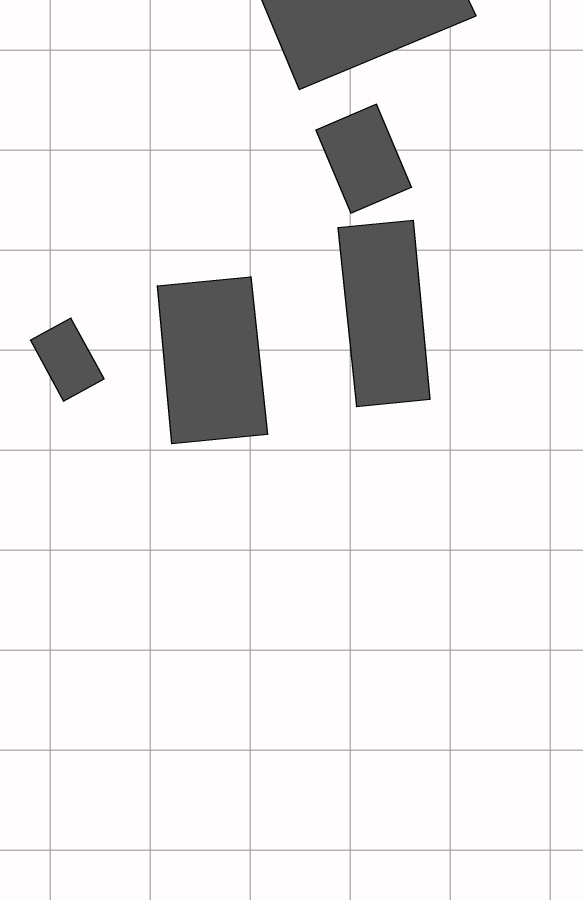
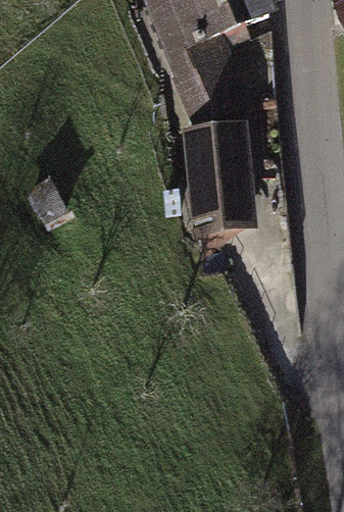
building: [158,277,267,444] -> none

